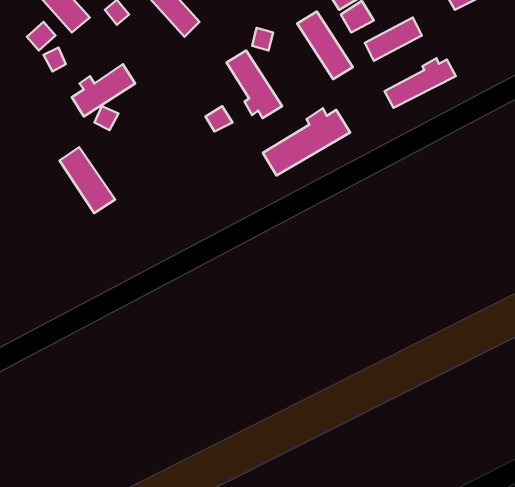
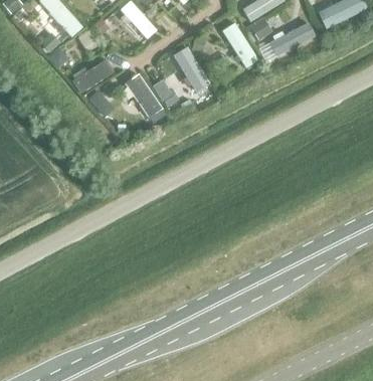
building: [385,58,456,108] -> none
building: [263,108,350,176] -> none
building: [60,147,115,213] -> [126,74,163,119]

